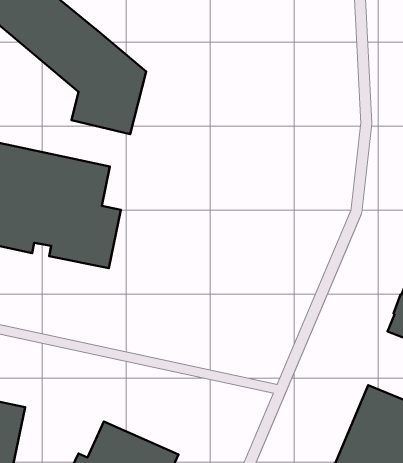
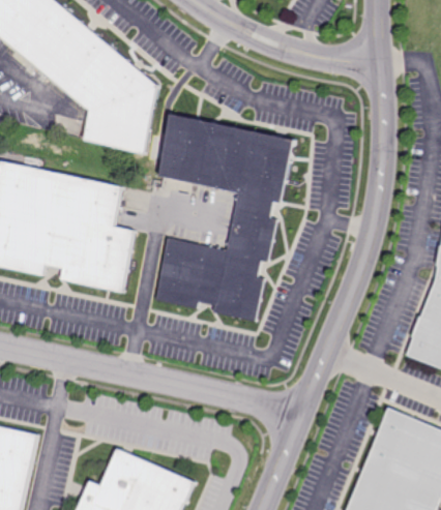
building: none -> [155,117,290,320]

